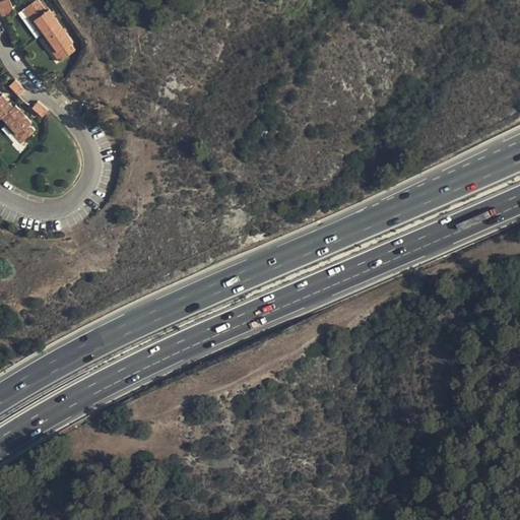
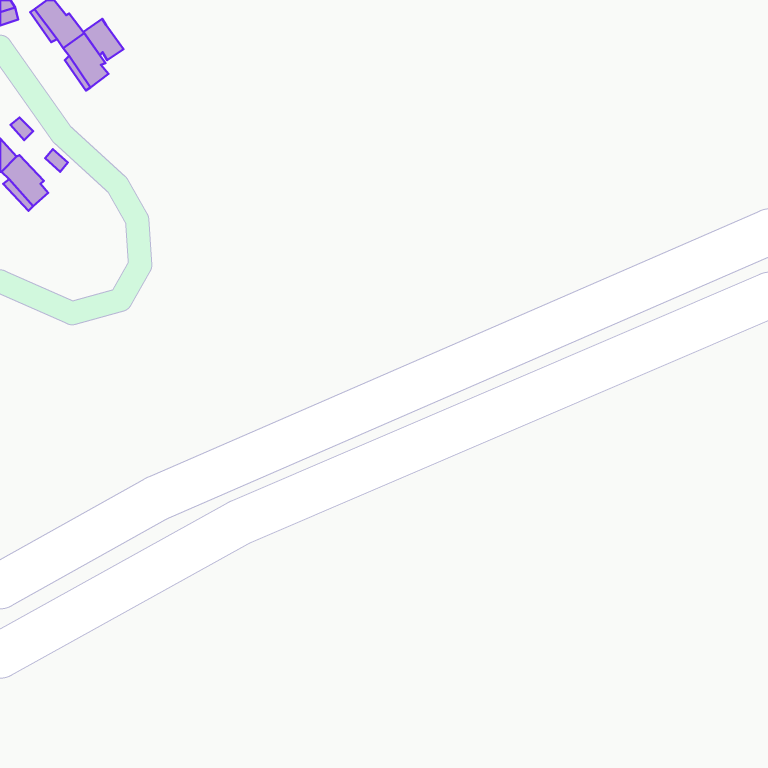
building: none -> [83,19,124,60]

